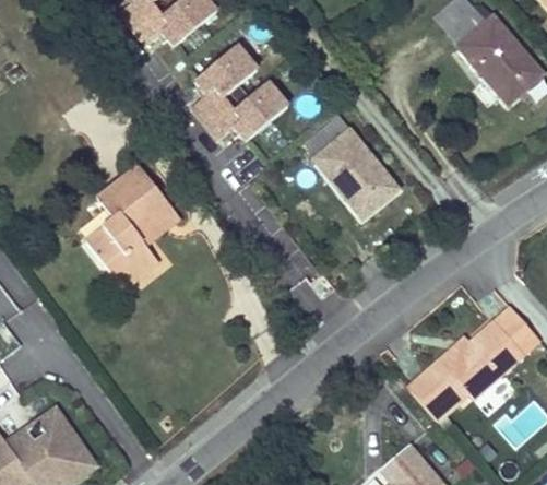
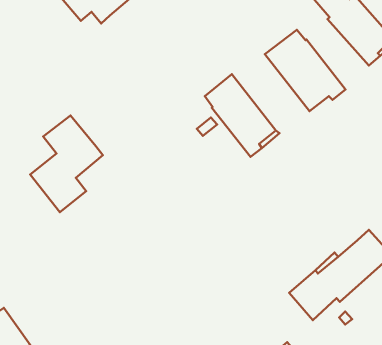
building: [193,37,289,144] -> none
building: none -> [265,30,345,111]

